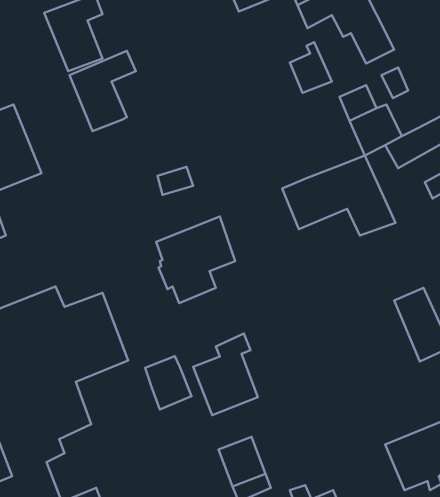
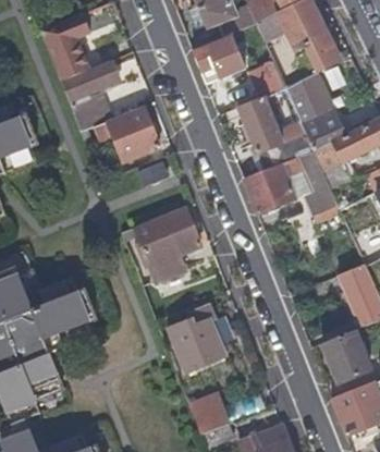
building: none -> [192,35,244,82]
building: none -> [236,95,292,169]
building: none -> [106,105,158,159]
building: [145,356,191,409] -> none
building: none -> [321,329,368,382]

